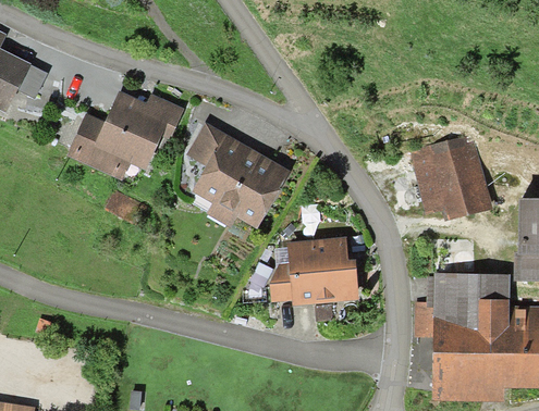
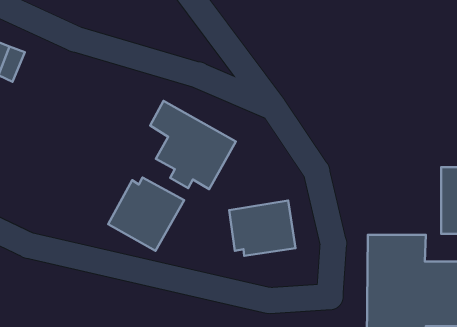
building: [73,94,183,174] -> none
building: [414,136,486,219] -> none
building: none -> [108,177,184,251]

